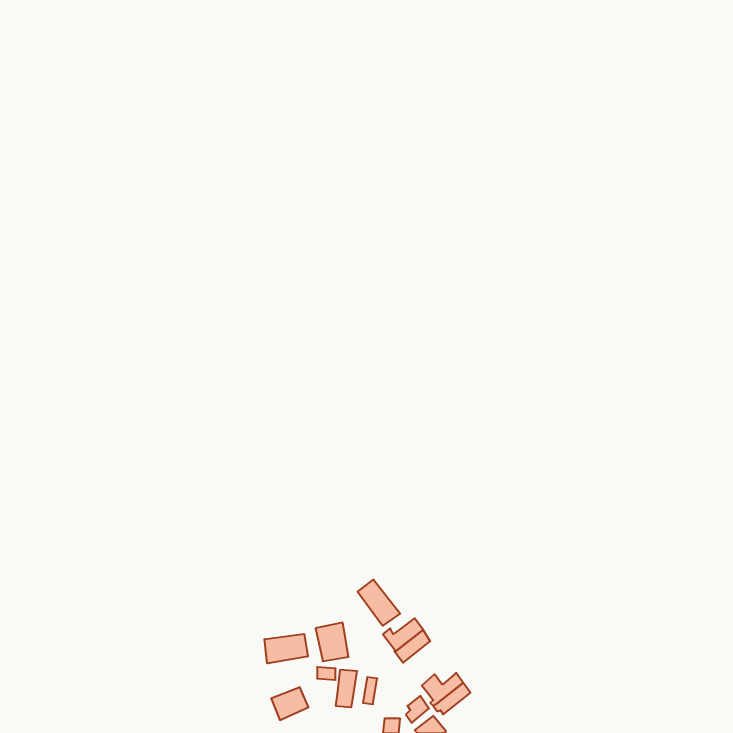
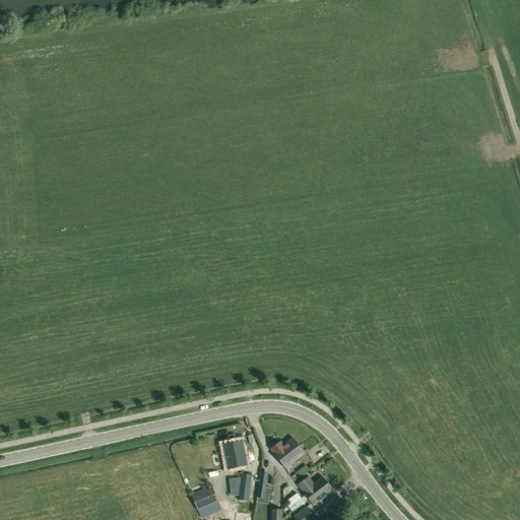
building: [358,579,400,626] -> none
building: [264,634,308,663] -> none

